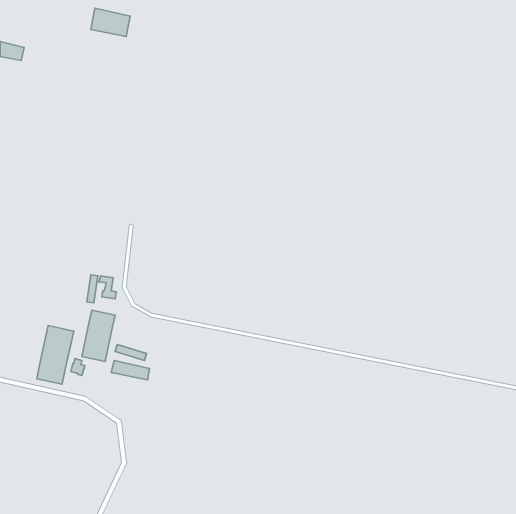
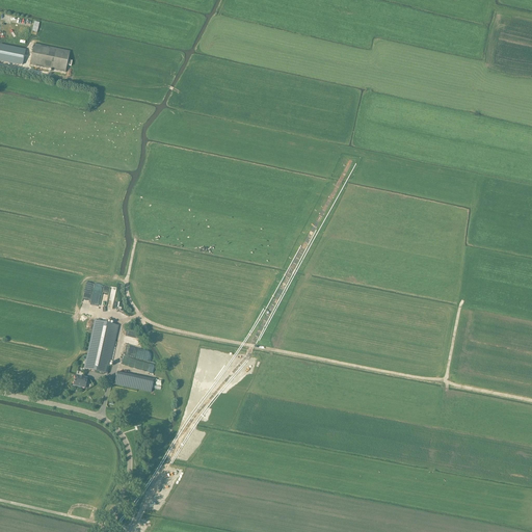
building: [91,8,130,37] -> [29,42,70,71]
building: [37,326,74,384] -> none

